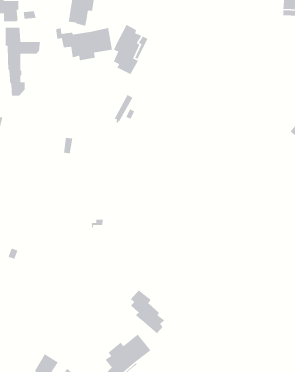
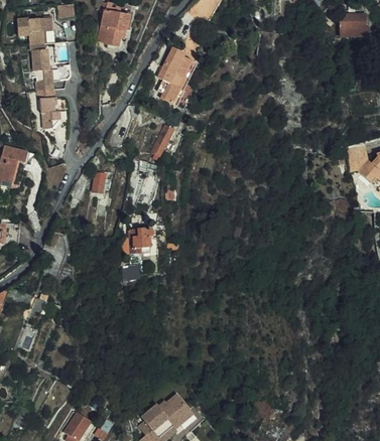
building: [55,27,113,61] -> none
building: none -> [131,225,156,250]
building: [130,289,165,334] -> none

